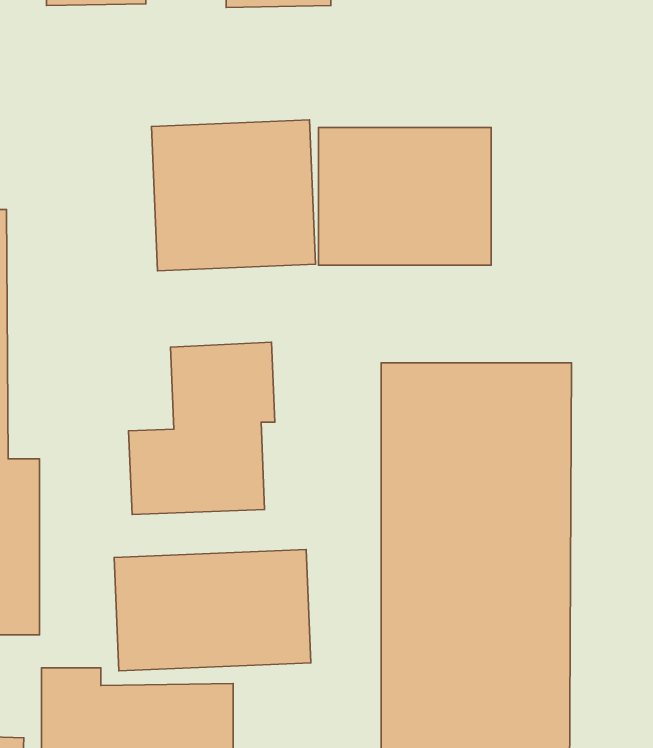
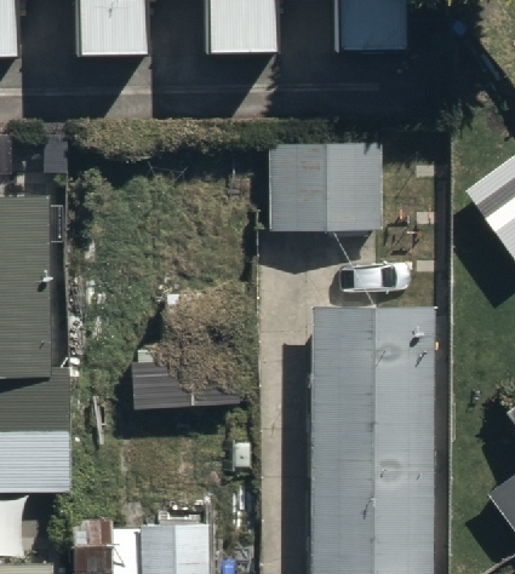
building: [151,120,315,271] -> none
building: [114,549,311,671] -> none

